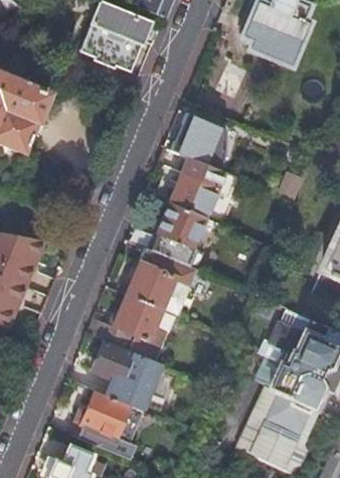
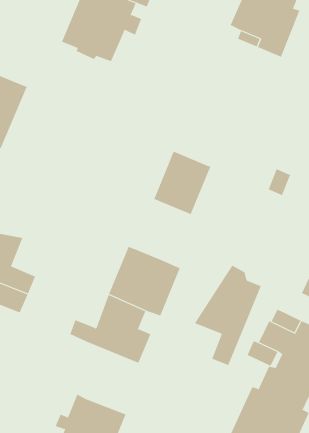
building: [171,114,226,171] -> none
building: [150,203,205,262] -> none
building: none -> [194,265,262,366]
building: [92,340,161,410] -> none

